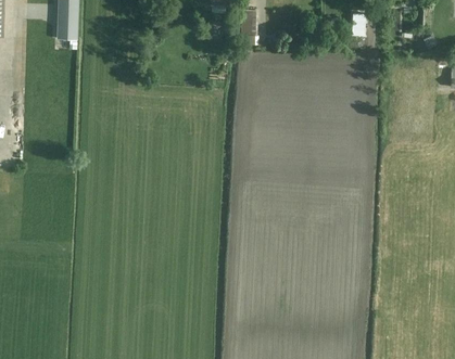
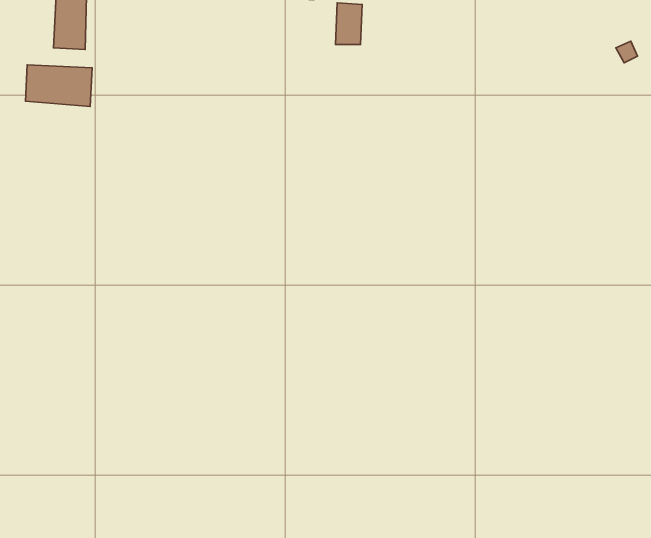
building: none -> [25,65,92,106]

